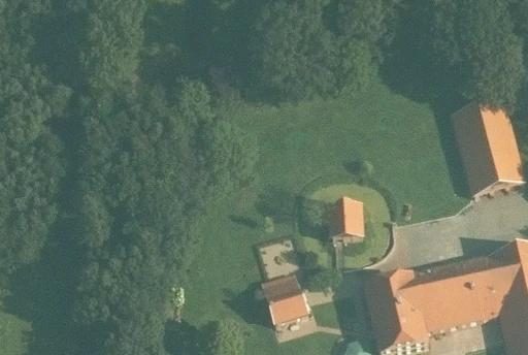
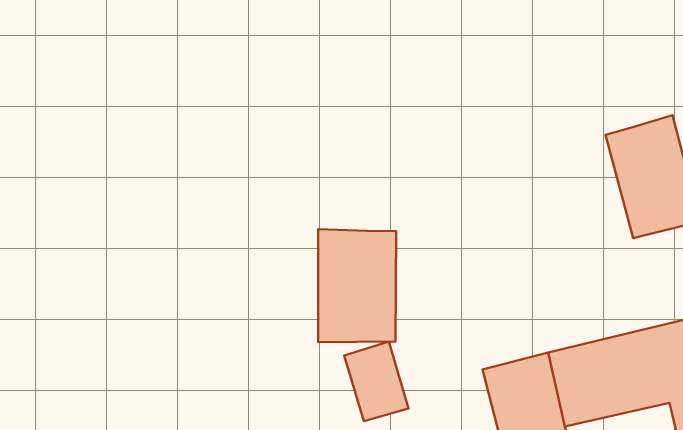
building: none -> [318,229,396,342]
building: [331,201,364,236] -> none

